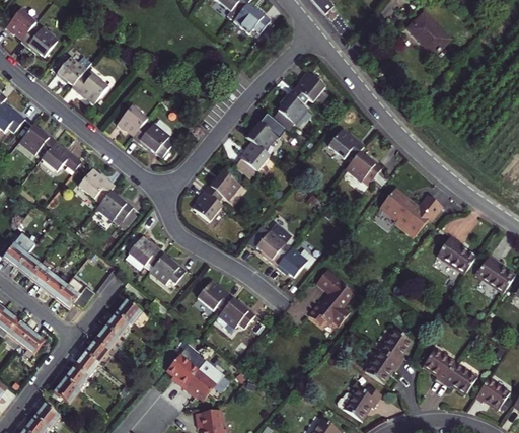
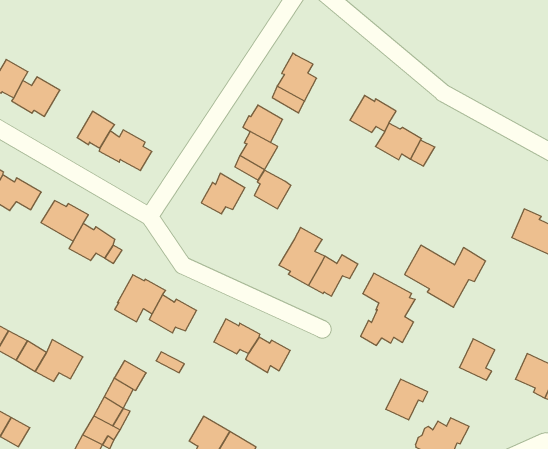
building: [295,70,324,100] -> none
building: [378,185,442,236] -> [405,245,486,307]
building: [193,189,222,220] -> [254,170,291,209]
building: [366,348,400,380] -> [386,379,428,420]

